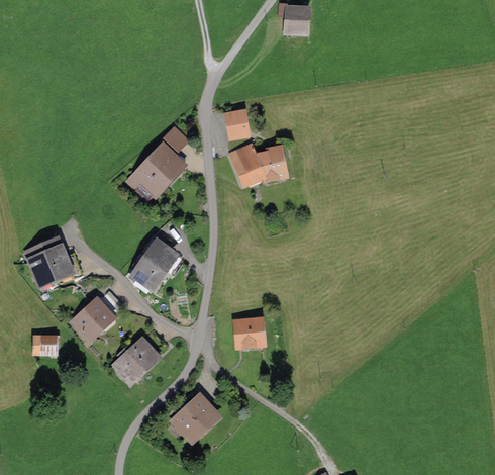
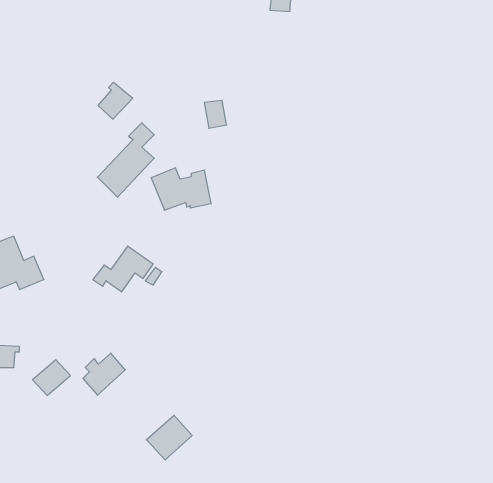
building: none -> [98,82,133,119]
building: [230,145,285,183] -> [151,168,211,210]
building: [77,303,111,336] -> [33,360,70,395]
building: [236,319,262,347] -> none

